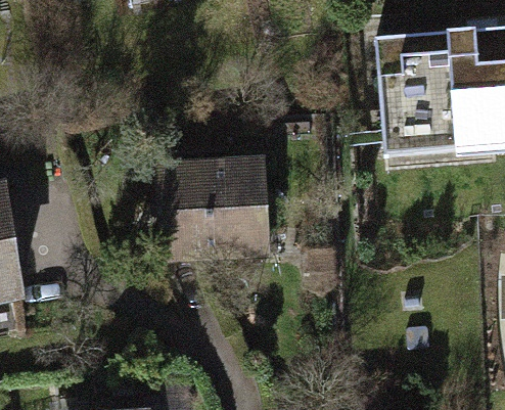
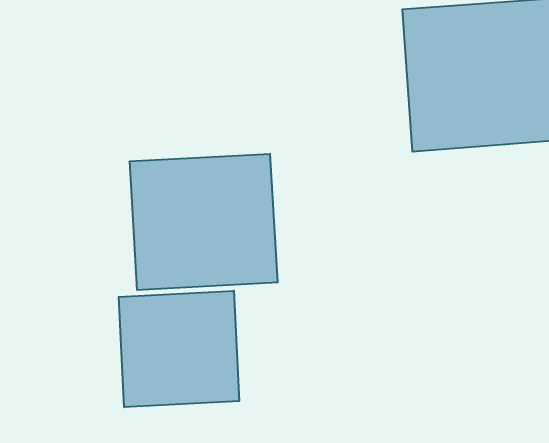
building: none -> [119,291,239,407]

